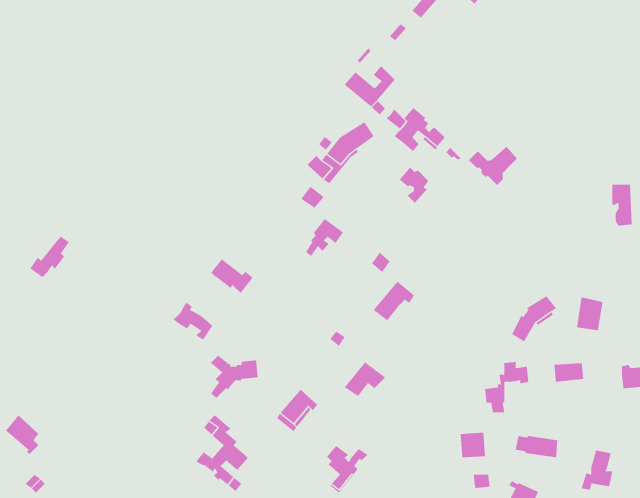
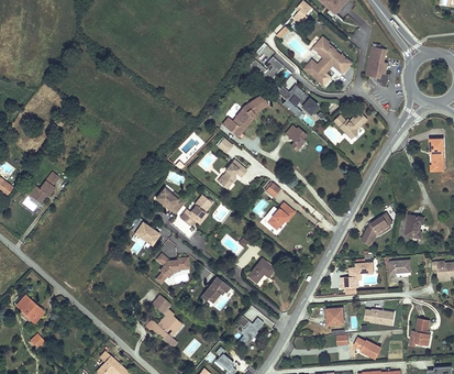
building: none -> [304,37,352,86]
building: none -> [366,45,389,87]
building: none -> [179,195,212,224]

